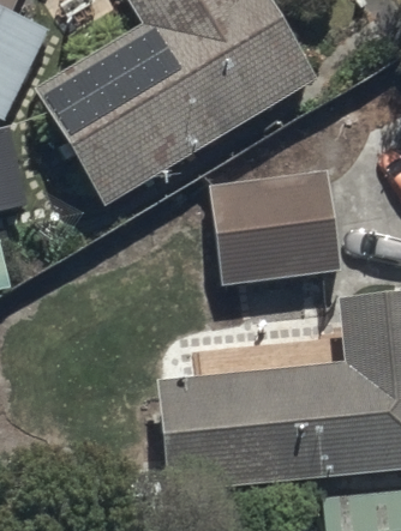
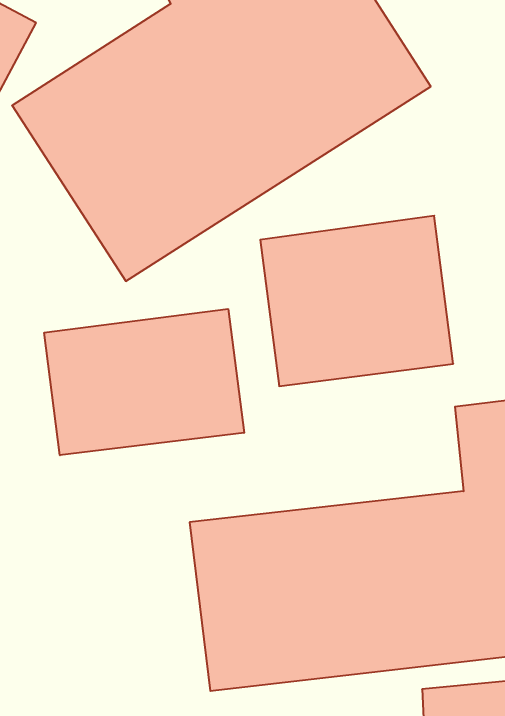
building: none -> [44,309,244,455]

